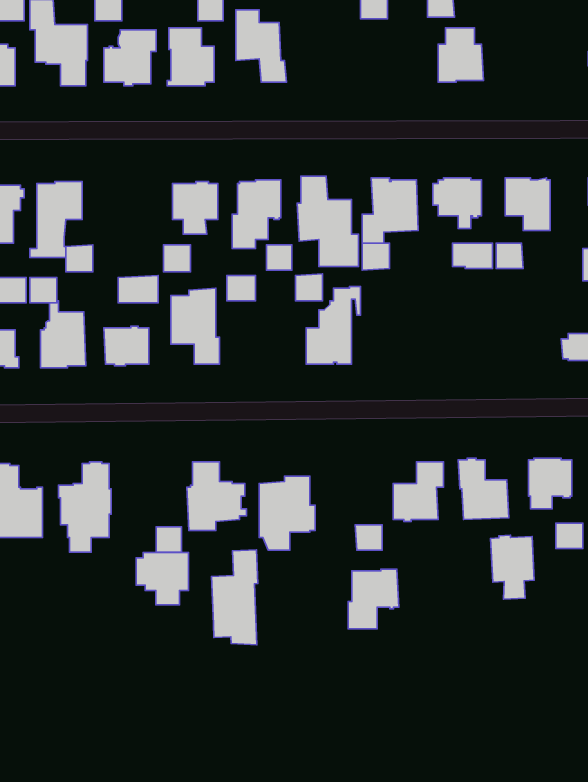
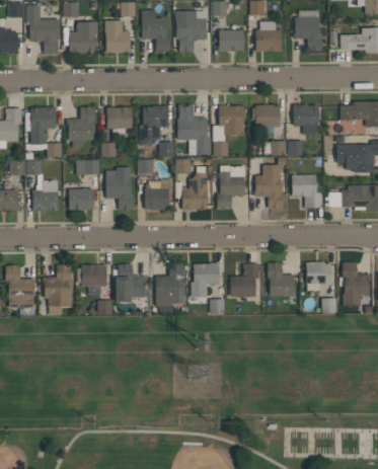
building: none -> [294,9,322,50]
building: none -> [176,10,207,51]
building: none -> [219,29,244,51]
building: none -> [68,106,96,147]
building: none -> [254,164,283,208]
building: none -> [218,165,245,208]
building: none -> [293,174,322,207]
building: none -> [145,178,173,210]
building: [491,535,534,599] -> none
building: [211,550,258,645] -> none
building: [136,553,188,605] -> [78,264,107,294]
building: [348,569,399,629] -> [192,262,220,296]

